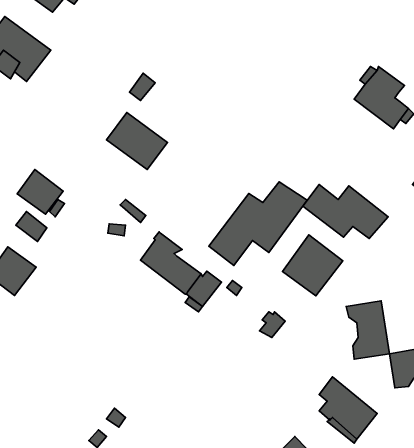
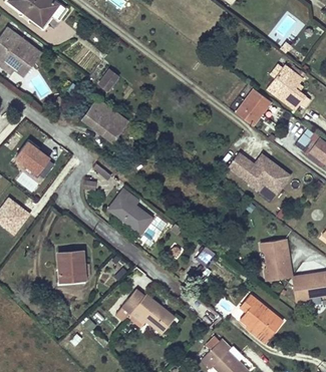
building: none -> [237,88,272,124]
building: [209,182,307,266] -> none
building: [282,235,343,296] -> none
building: none -> [54,251,85,280]
building: none -> [122,289,175,333]

